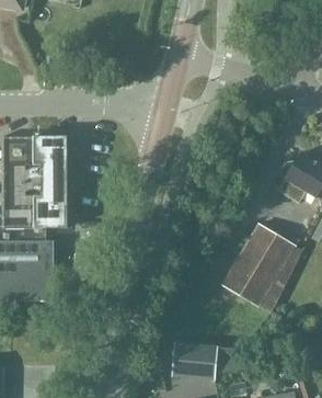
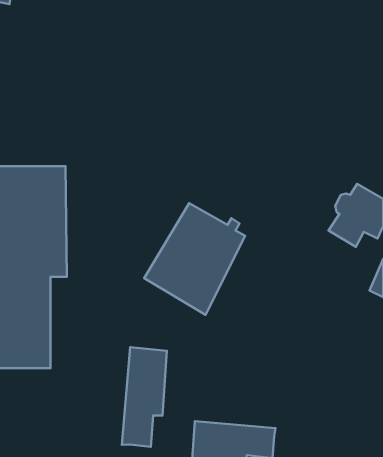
building: [221,224,302,314] -> [144,203,245,315]
building: none -> [122,347,167,447]

